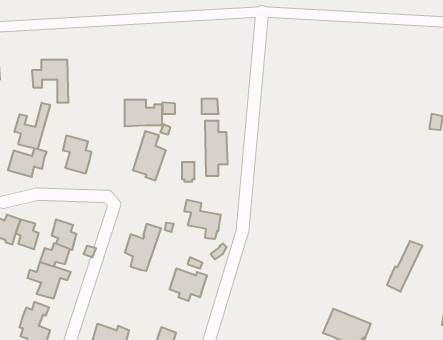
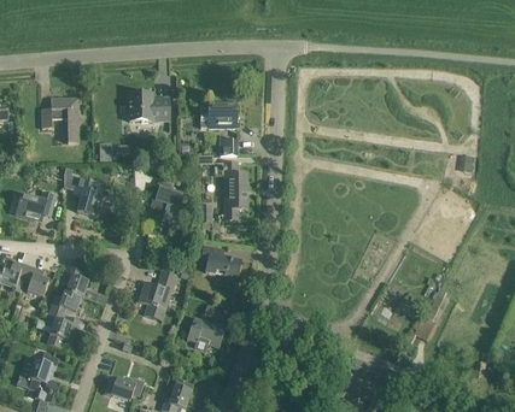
building: none -> [199,102,235,126]
building: [124,100,162,126] -> [128,93,168,120]
building: [14,103,50,149] -> none

